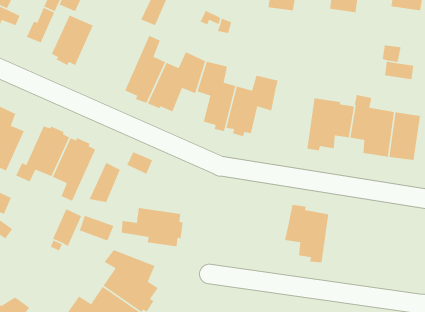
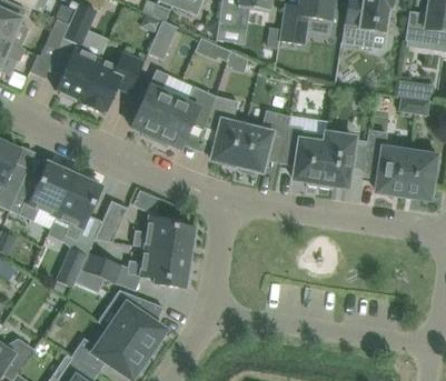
building: none -> [80,51,145,112]
building: none -> [133,215,195,252]
building: [284,194,330,263] -> [280,114,327,186]

